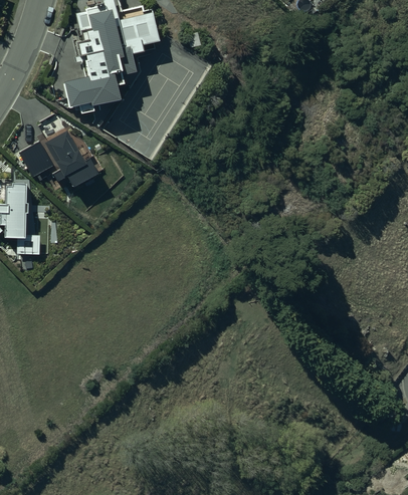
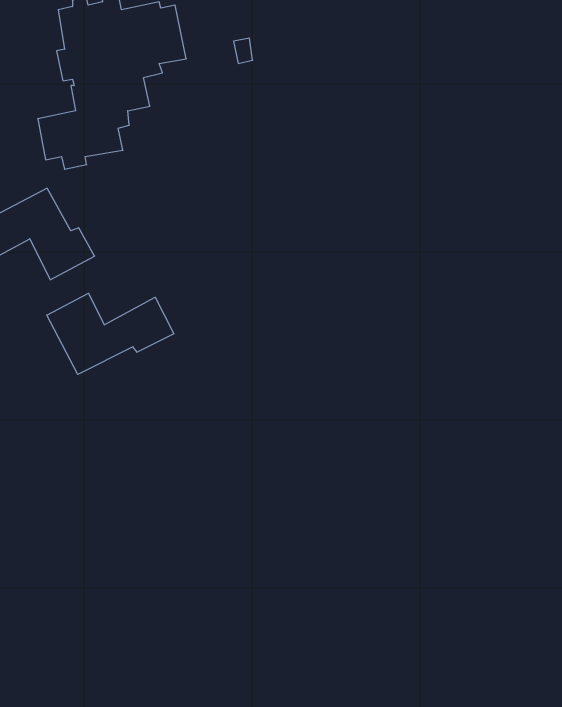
building: none -> [47,293,174,374]

